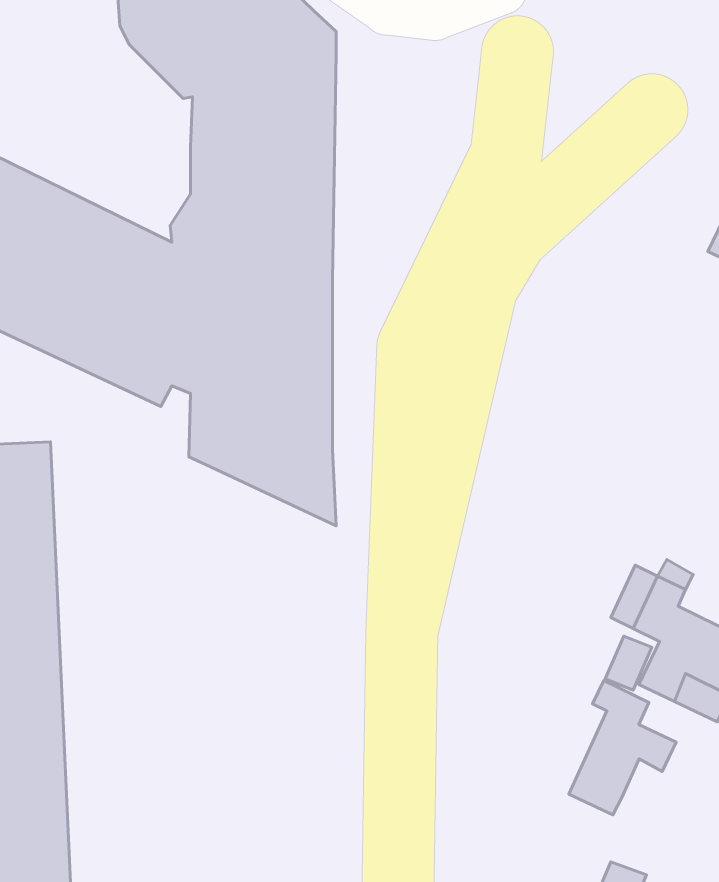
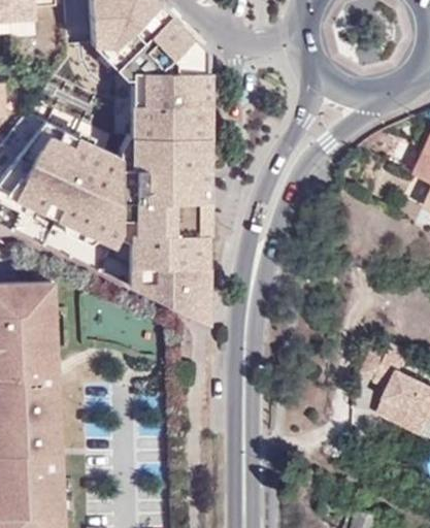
building: [569,681,676,815] -> none

